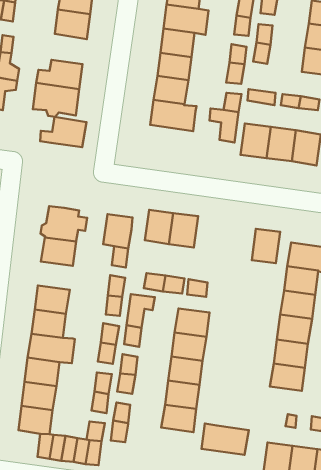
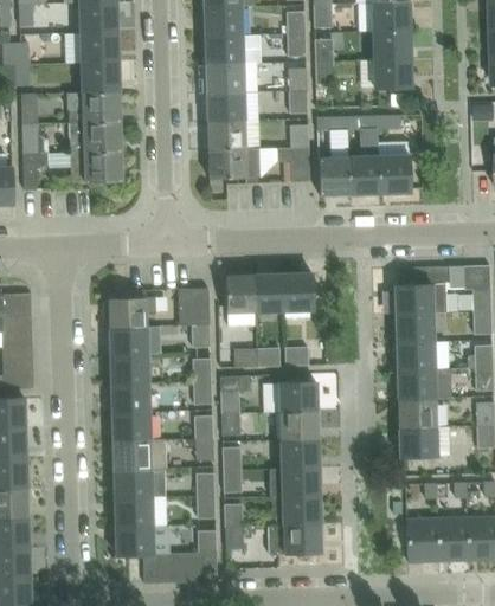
building: [40,117,87,147] -> [69,91,120,122]
building: [252,229,280,263] -> [283,272,313,310]
building: none -> [110,355,149,385]
building: [202,424,249,455] -> [268,523,320,554]

